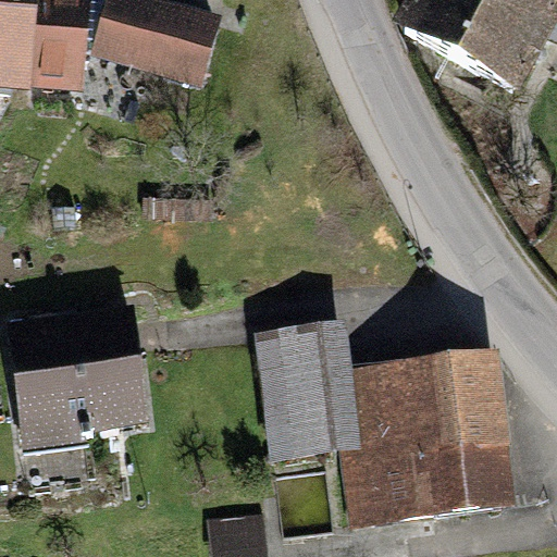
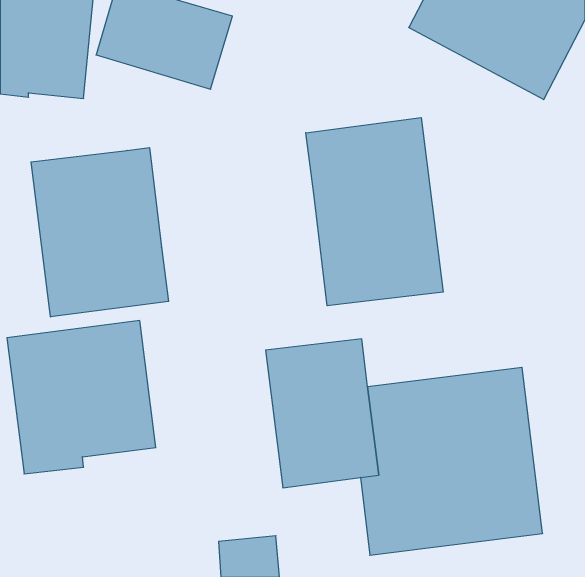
building: none -> [306,118,443,306]
building: none -> [31,148,169,317]

